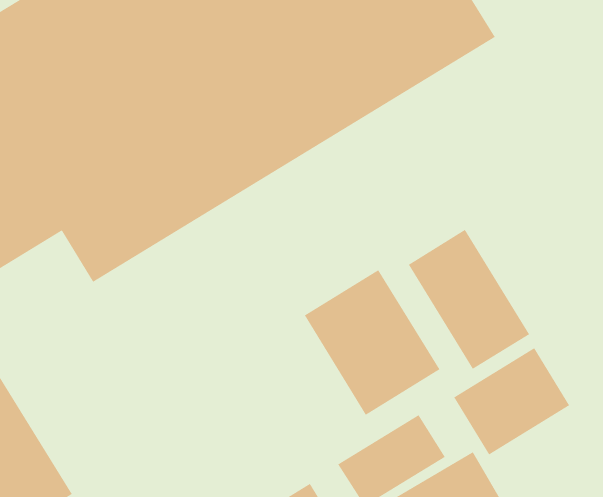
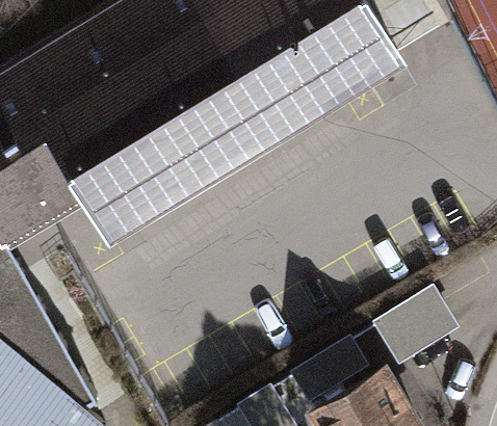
building: [408,229,530,370] -> none
building: [304,269,440,416] -> none

